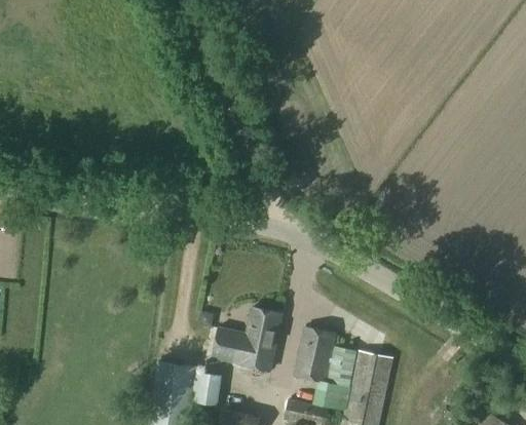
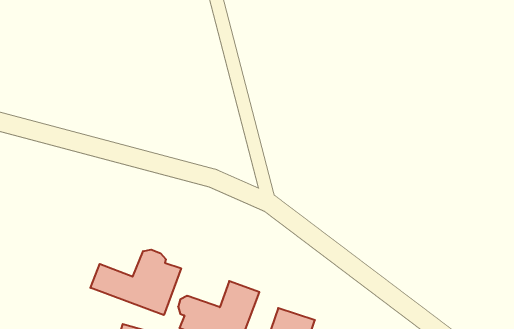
building: none -> [90,250,181,315]

